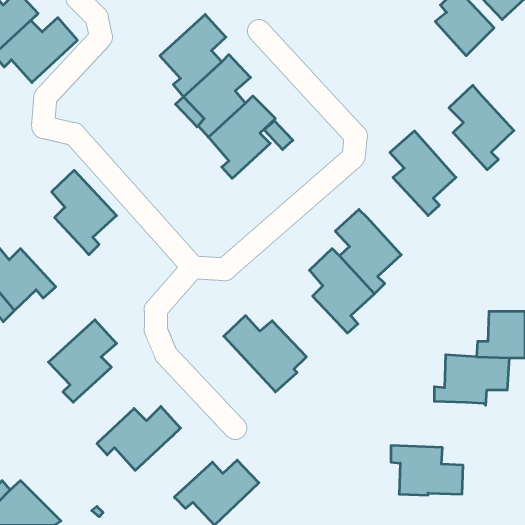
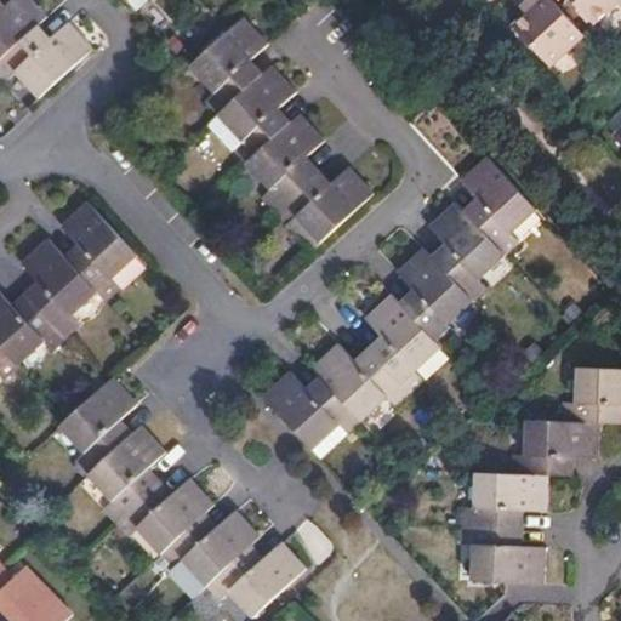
building: [449,85,514,170] -> [427,200,503,300]
building: none -> [273,167,372,251]
building: none -> [19,238,97,337]
building: none -> [312,343,409,420]
building: none -> [86,423,165,522]
building: none -> [460,471,548,526]
building: none -> [159,509,258,585]

